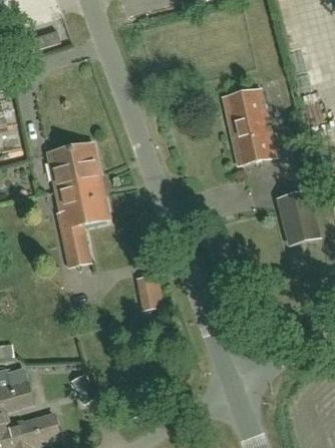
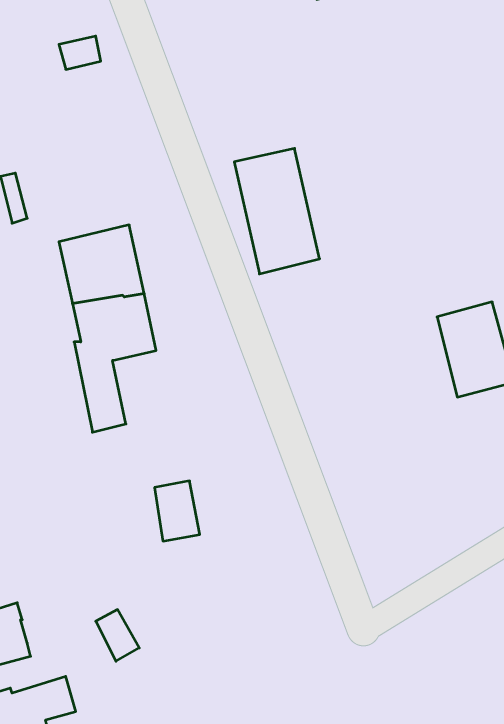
building: [223,89,274,164] -> [234,148,320,274]
building: [136,274,163,310] -> [155,481,200,541]

